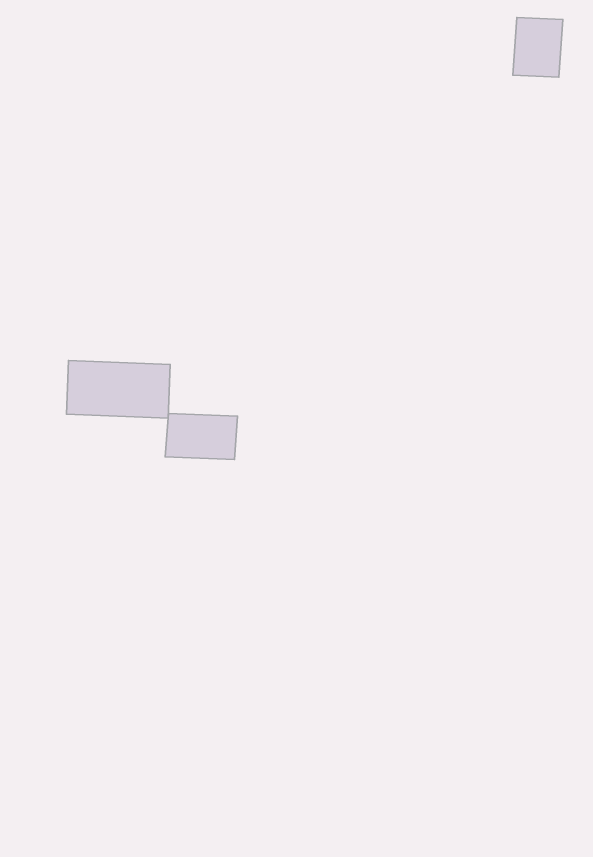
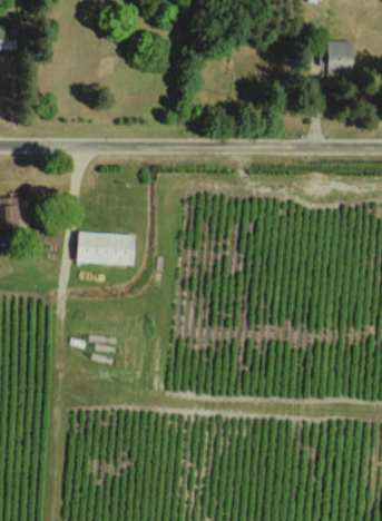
building: [165,413,238,460] -> none

